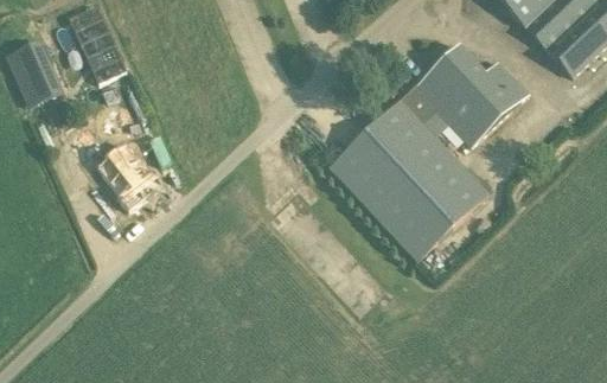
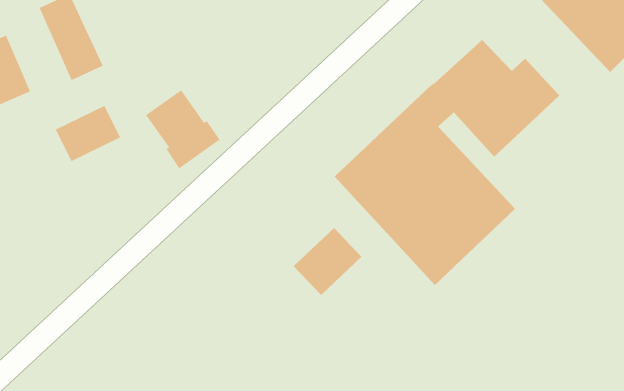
building: [101,140,167,210] -> [145,90,221,169]
building: none -> [293,227,362,296]

